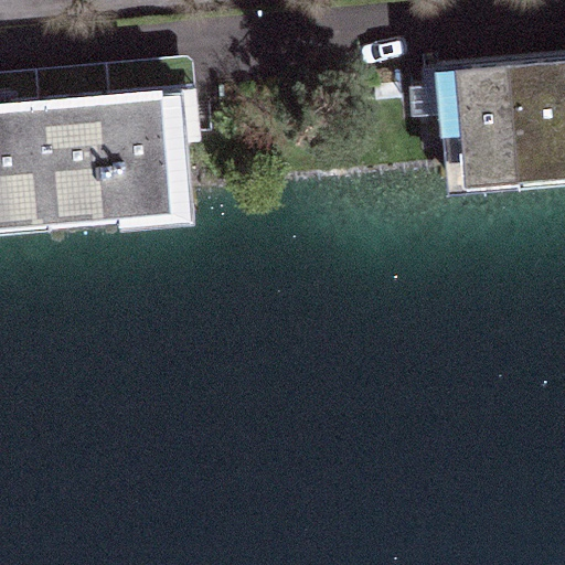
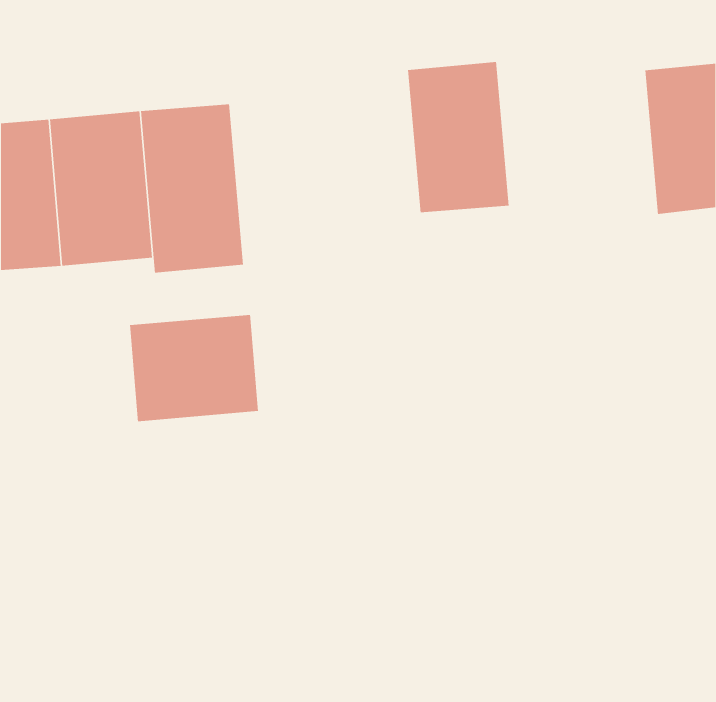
building: [437,66,518,185] -> [407,61,509,213]
building: none -> [129,314,259,422]

